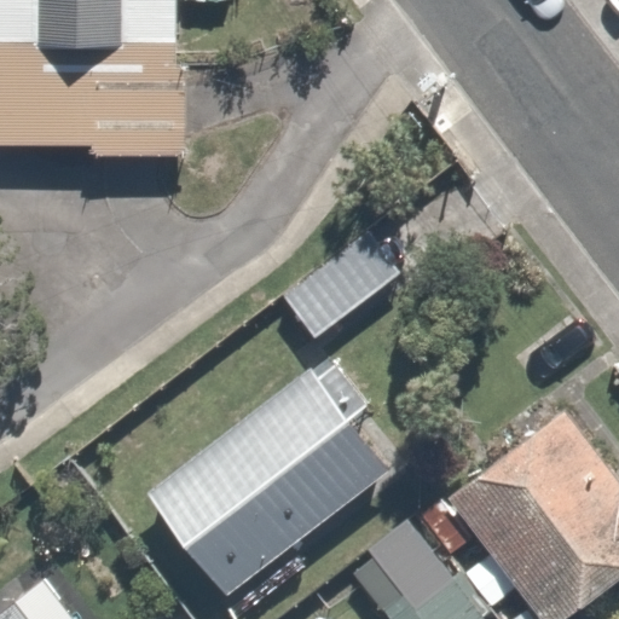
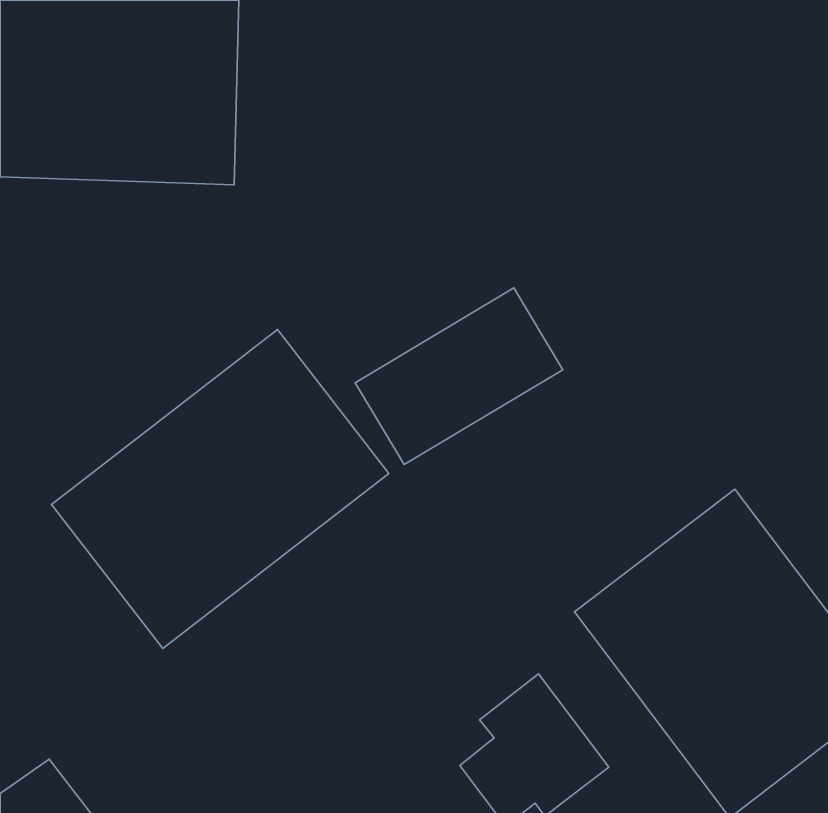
building: [144,364,393,600] -> [52,329,389,648]

